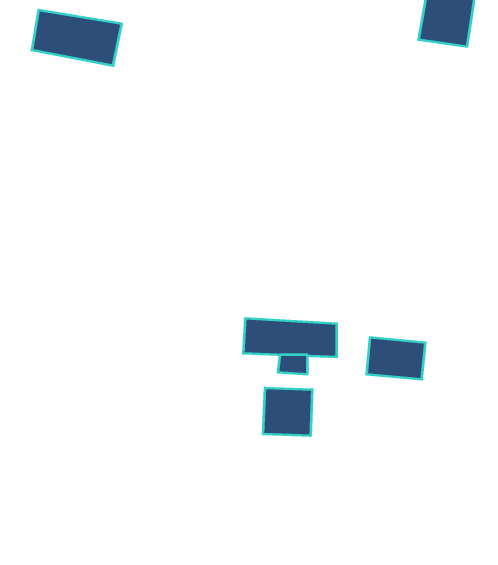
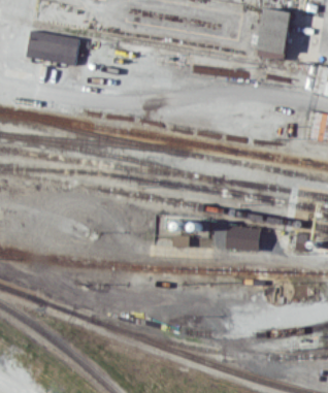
building: [263,388,312,436] -> none

